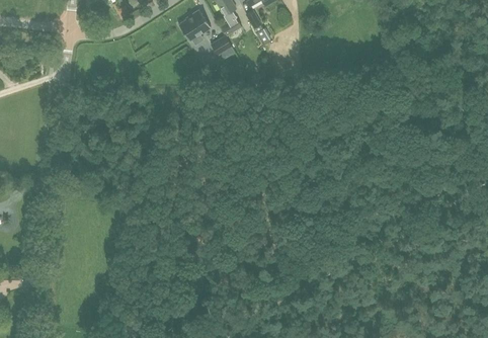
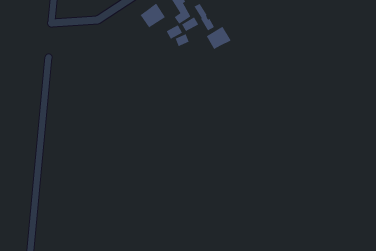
building: none -> [206,26,231,50]

